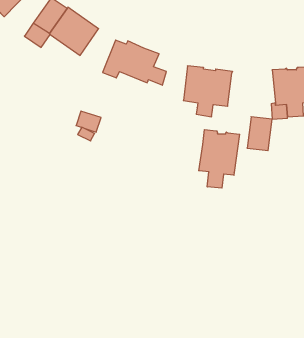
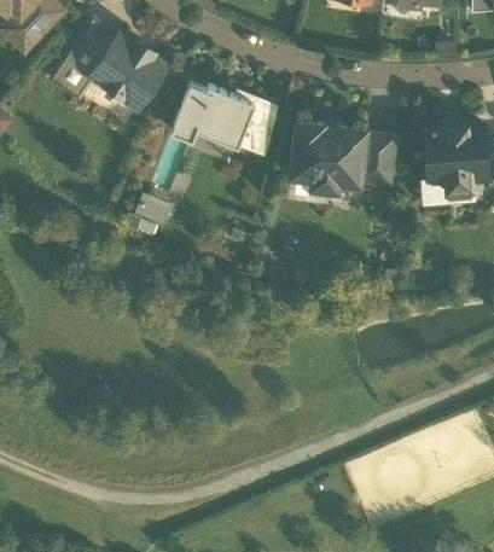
building: none -> [233,88,278,156]
building: [247,117,272,151] -> [359,133,396,184]
building: [199,130,240,188] -> none

